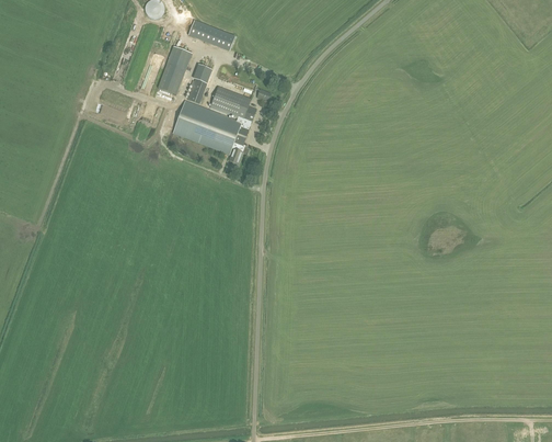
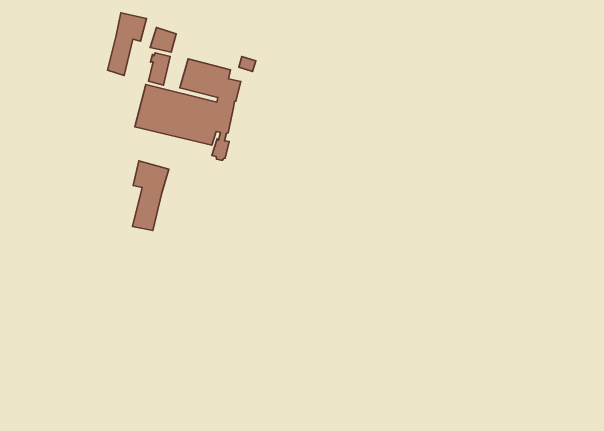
building: none -> [132,161,169,230]

